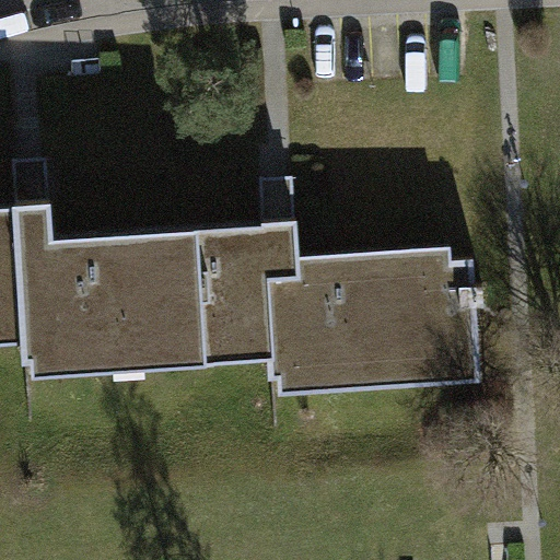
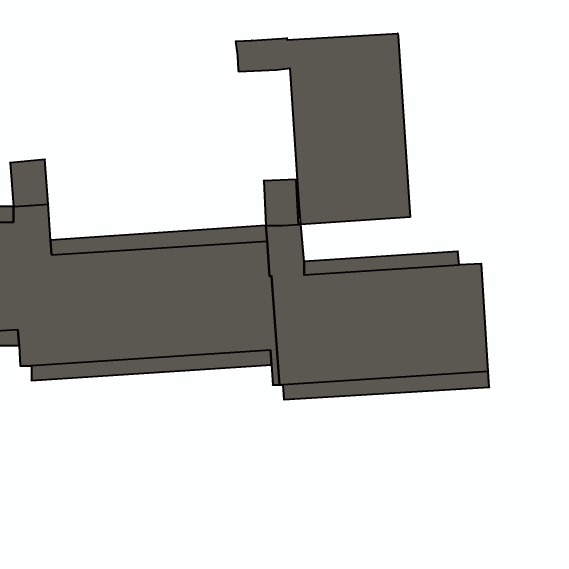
building: none -> [236,33,410,224]

